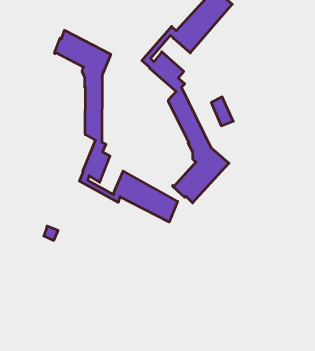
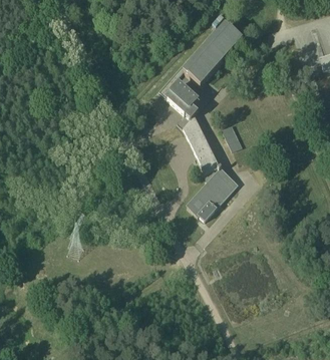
building: [55,30,178,222] -> none

